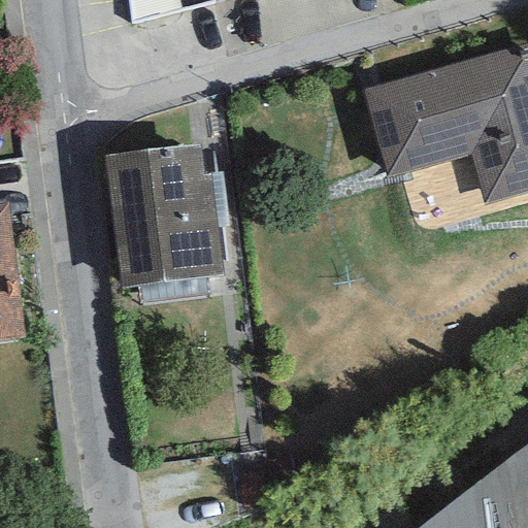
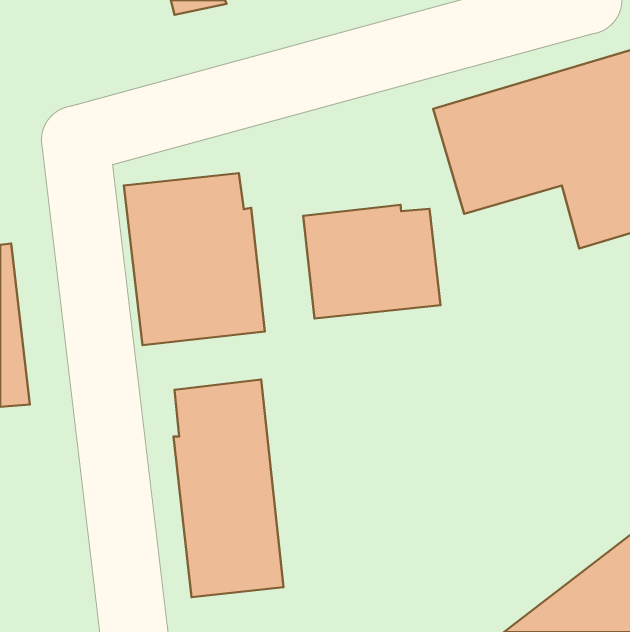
building: none -> [303,205,441,318]
building: none -> [173,380,284,597]

